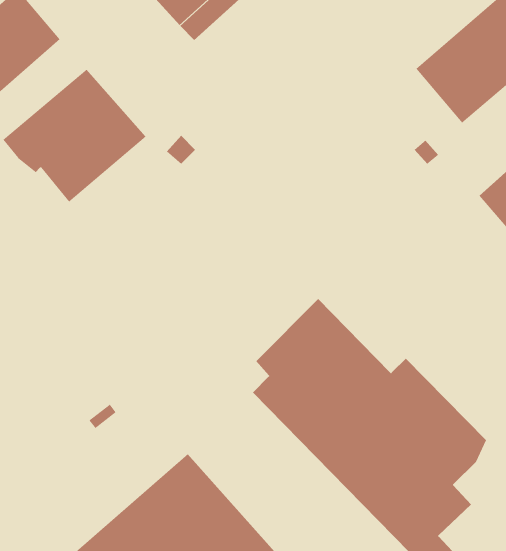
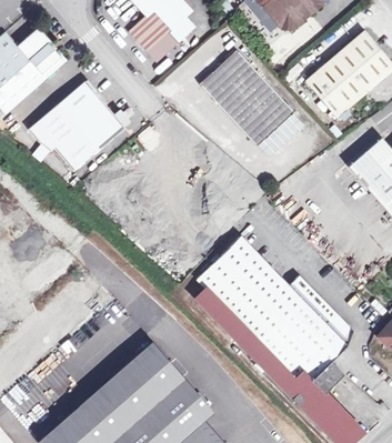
building: none -> [199,50,294,147]

